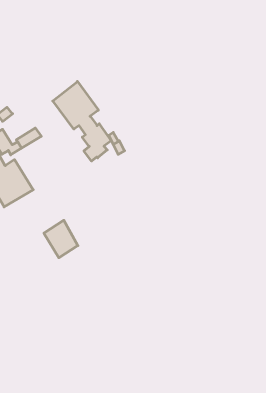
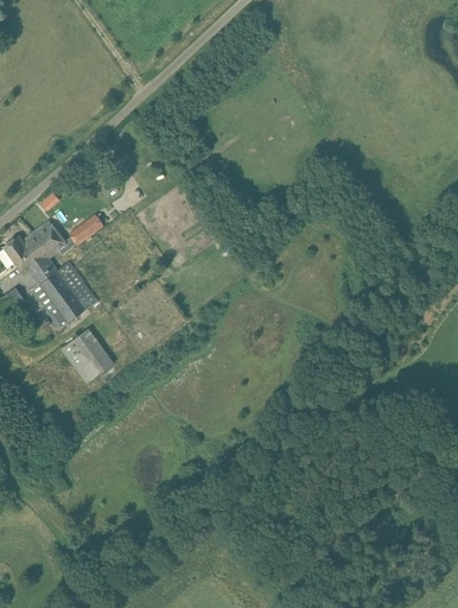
building: [53,81,111,161] -> none
building: [44,220,78,258] -> [63,329,112,381]

